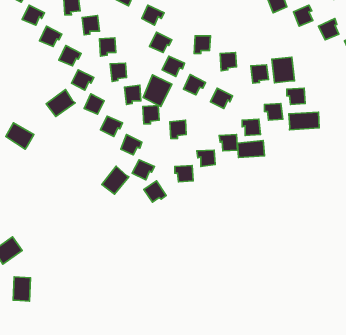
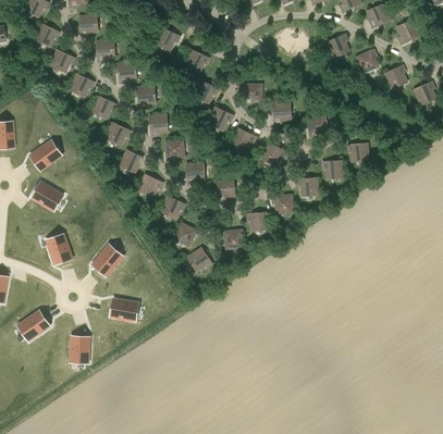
building: [272,57,294,83] -> none
building: [143,75,172,106] -> none
building: [46,89,75,117] -> [29,139,62,170]
building: [289,112,319,130] -> none
building: [238,140,264,157] -> none
building: [102,166,129,194] -> [93,244,123,275]
building: none -> [46,234,72,264]
building: none -> [110,298,139,321]
building: [13,277,31,301] -> [70,335,89,362]

